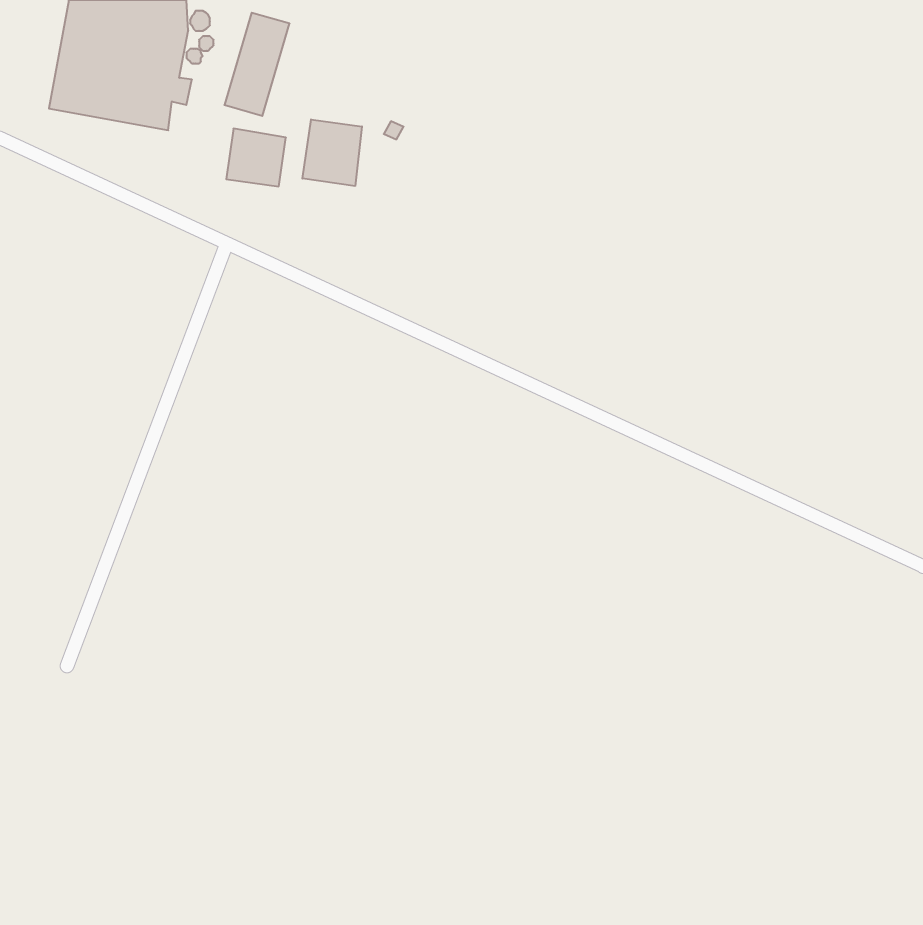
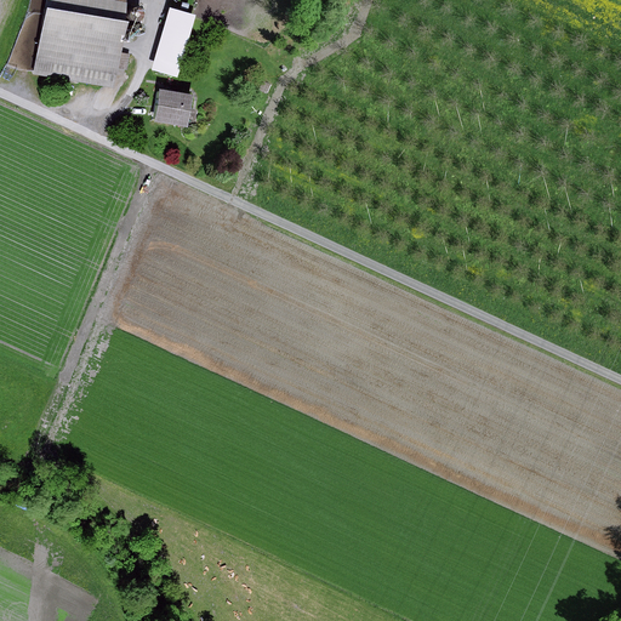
building: [302,119,362,186] -> none

